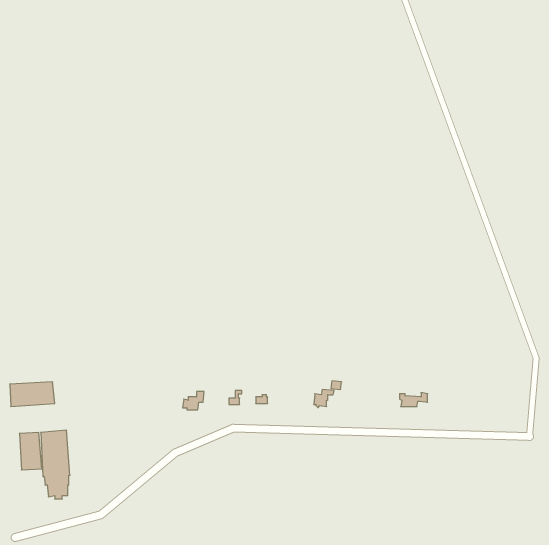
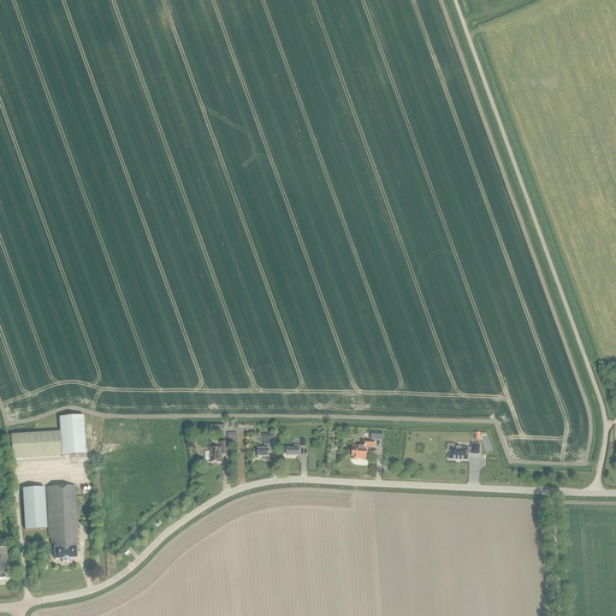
building: none -> [59,413,85,452]

